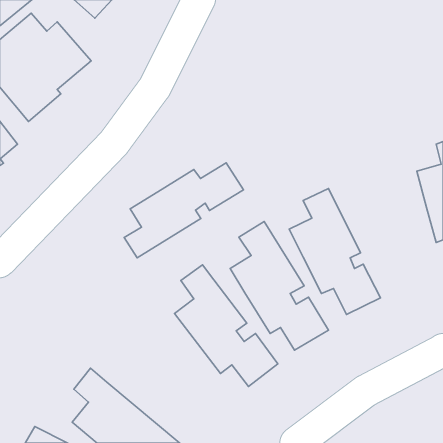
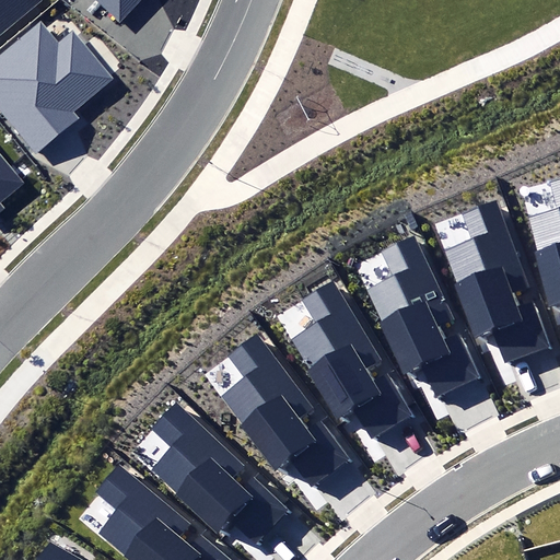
building: none -> [438,199,547,363]
building: [124,163,243,258] -> none
building: none -> [145,404,288,544]

